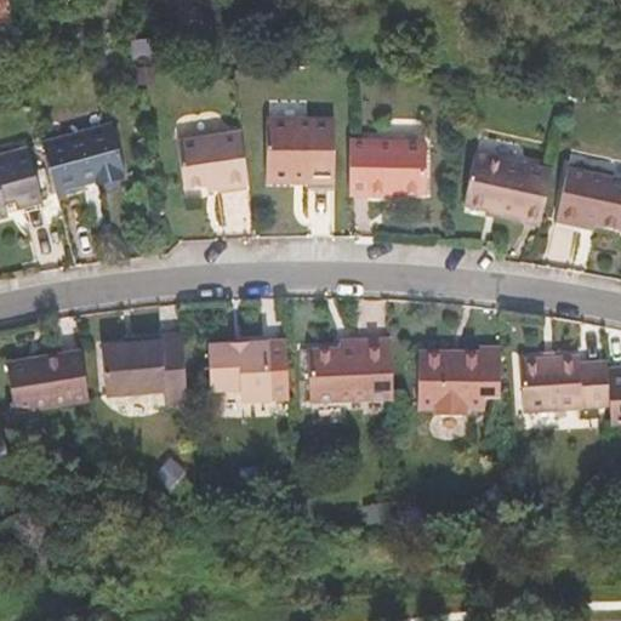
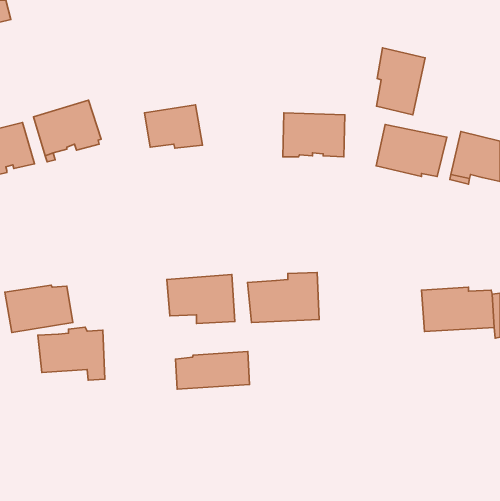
building: none -> [376,48,425,115]
building: [268,120,336,180] -> none
building: [101,338,183,404] -> [38,327,105,380]
building: [420,344,502,412] -> none
building: none -> [175,351,249,389]

